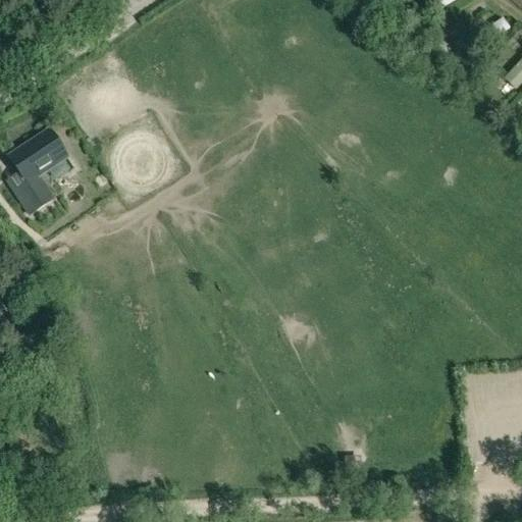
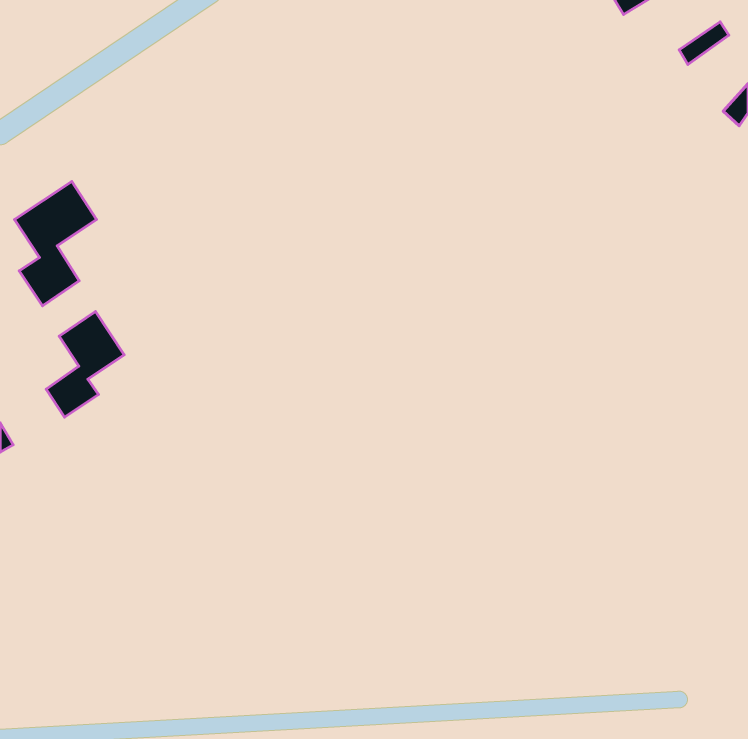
building: none -> [46,312,124,417]

